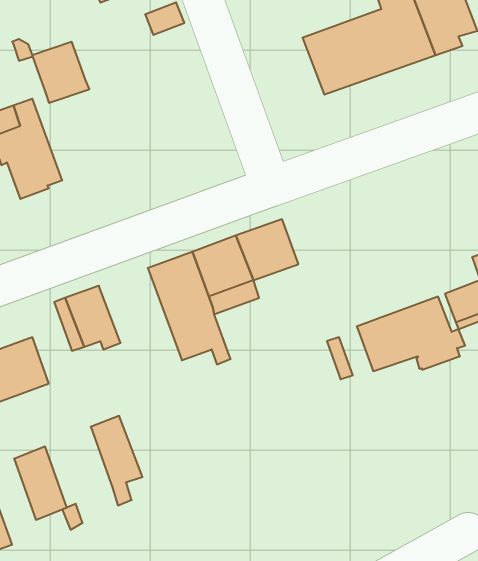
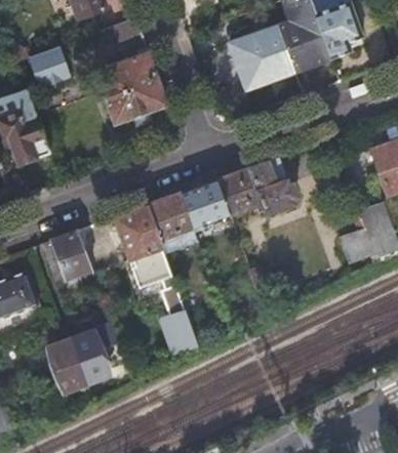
building: none -> [93,51,168,125]
building: [357,297,465,371] -> [215,159,297,215]
building: none -> [160,287,198,356]
building: [14,447,67,520] -> [47,338,87,394]

